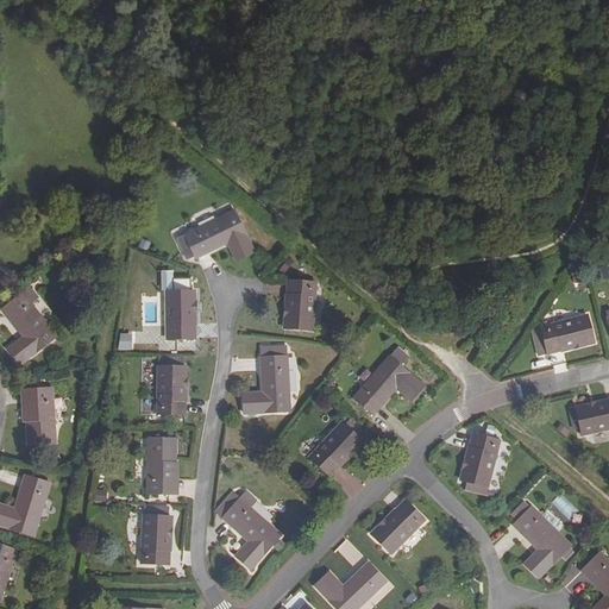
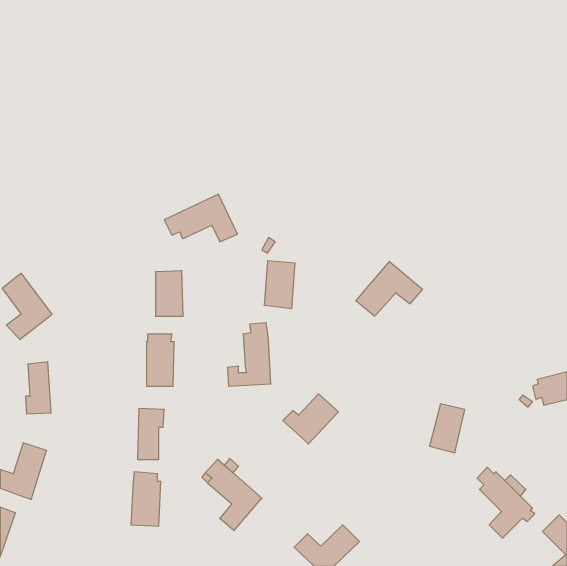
building: [533,314,595,353] -> none
building: [353,356,425,414] -> [356,262,423,316]
building: [370,500,425,553] -> none

